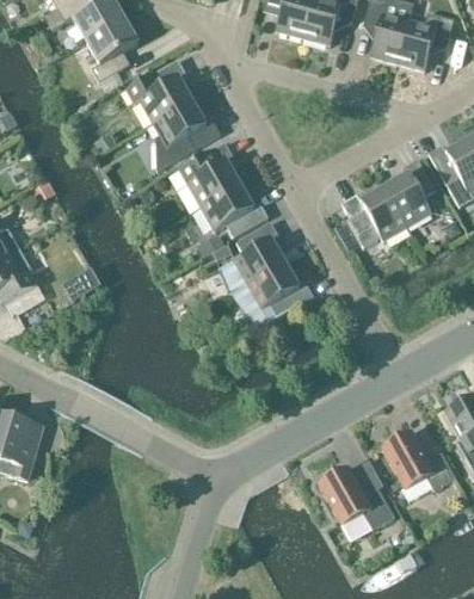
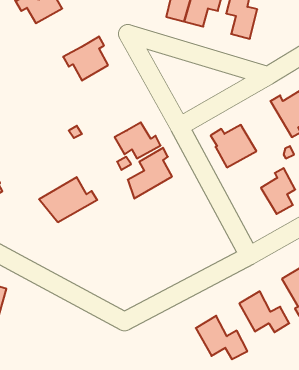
building: [398,12,454,69] -> none
building: [86,18,137,81] -> none
building: [153,100,221,169] -> none
building: [179,142,239,205] -> none
building: [384,159,435,226] -> [261,168,295,214]
building: [229,263,314,328] -> [39,177,97,222]

